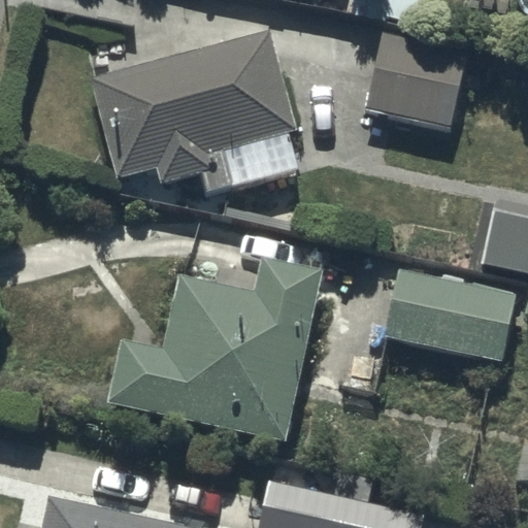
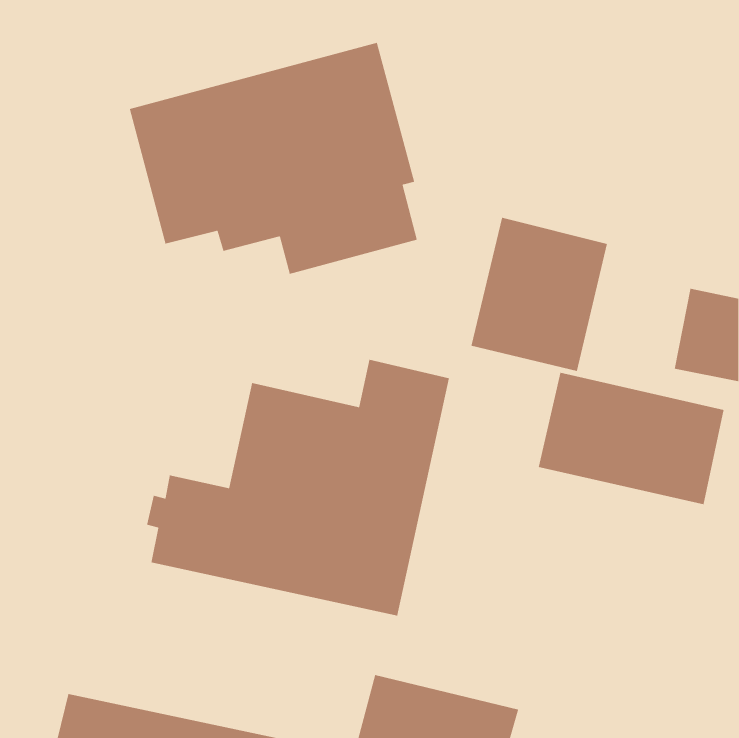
building: [364,44,503,132] -> none
building: none -> [471,217,608,372]

